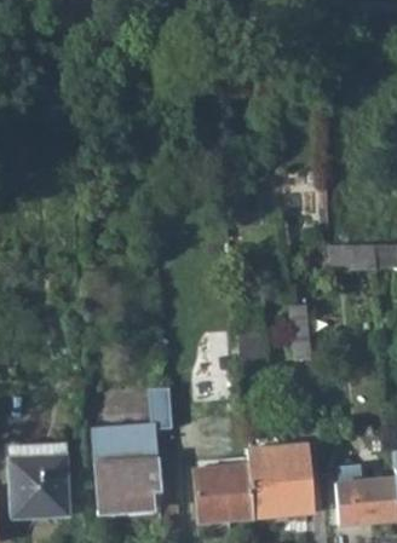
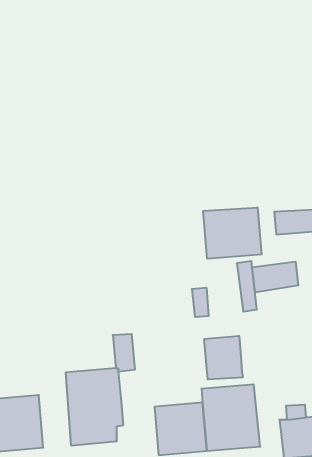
building: none -> [203,207,262,259]
building: none -> [252,262,298,292]
building: none -> [204,336,243,380]

